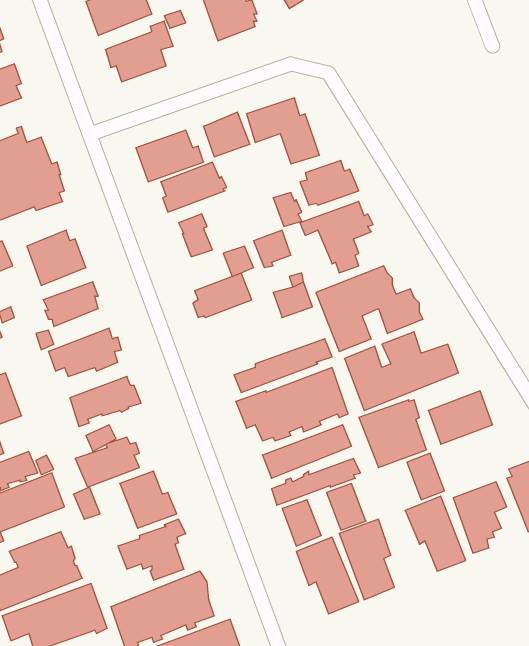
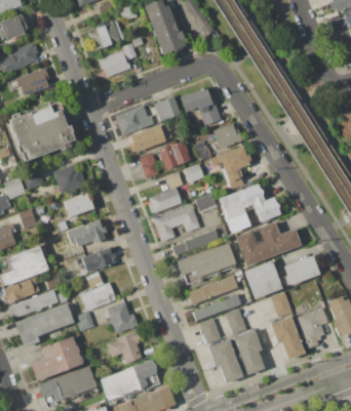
building: none -> [156,140,190,170]
building: none -> [152,202,200,240]

